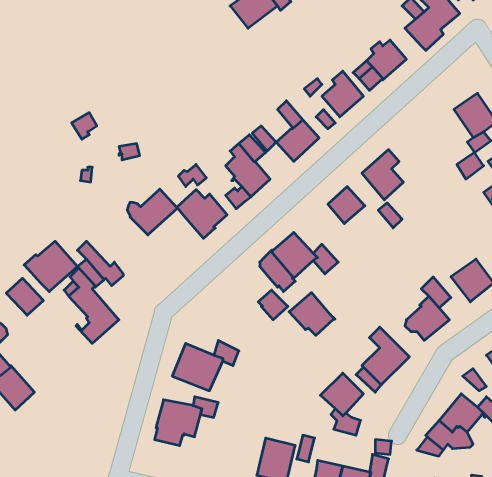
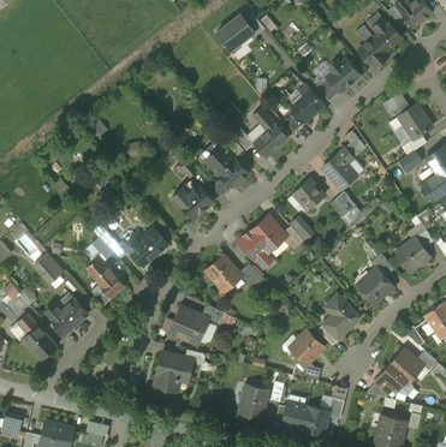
building: [127,189,178,235] -> [126,228,167,266]
building: [24,241,77,292] -> [44,293,88,334]
building: [289,293,335,335] -> [204,255,242,290]

